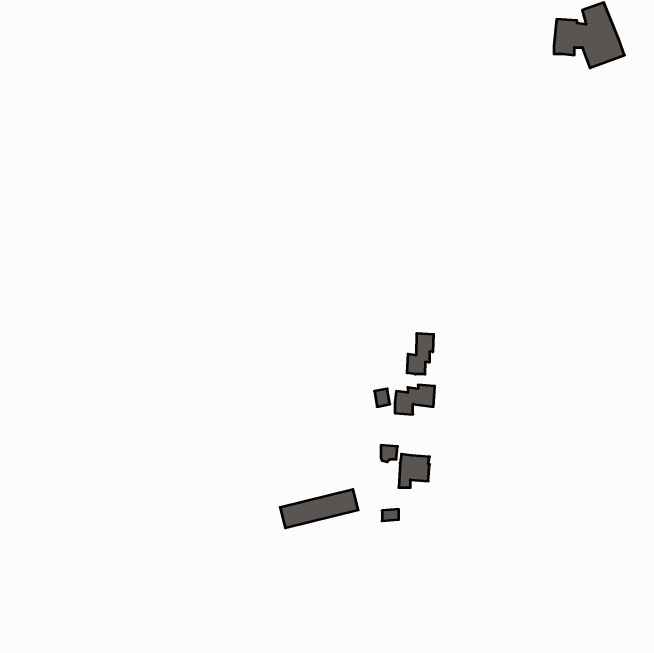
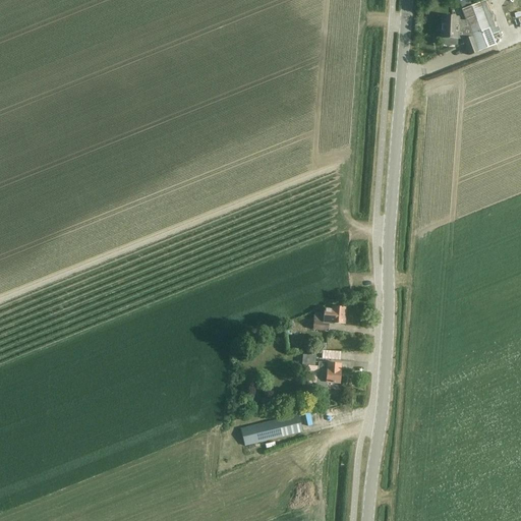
building: [407,333,434,374] -> none
building: [280,489,358,528] -> [241,413,303,444]

